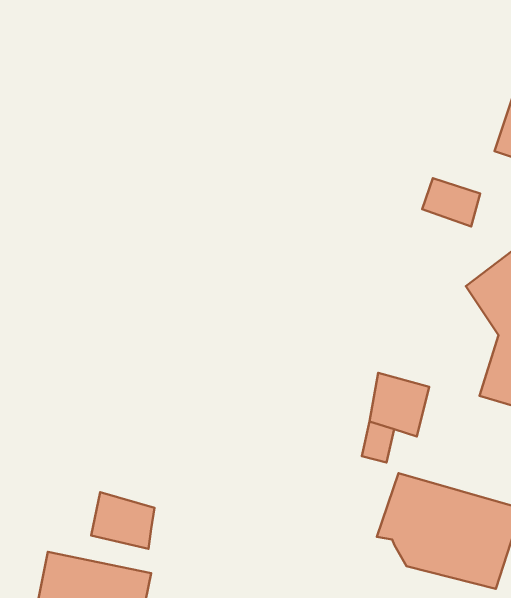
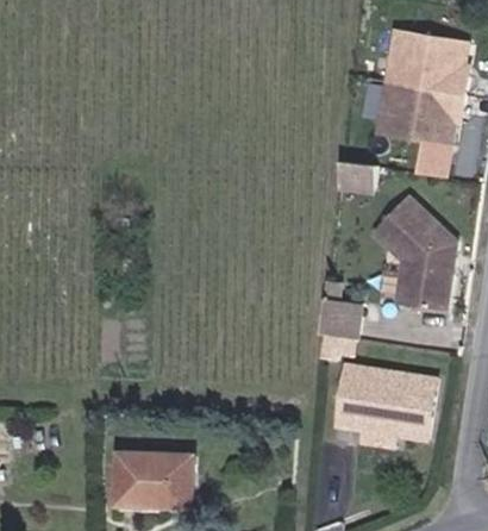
building: [91,492,155,549] -> none

